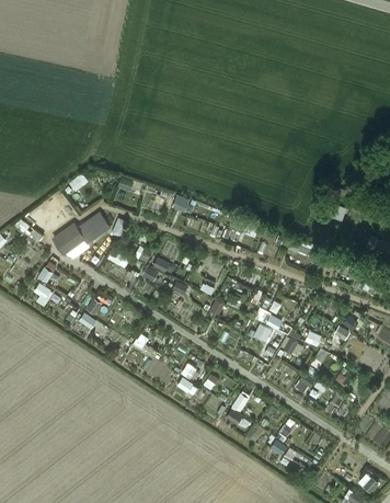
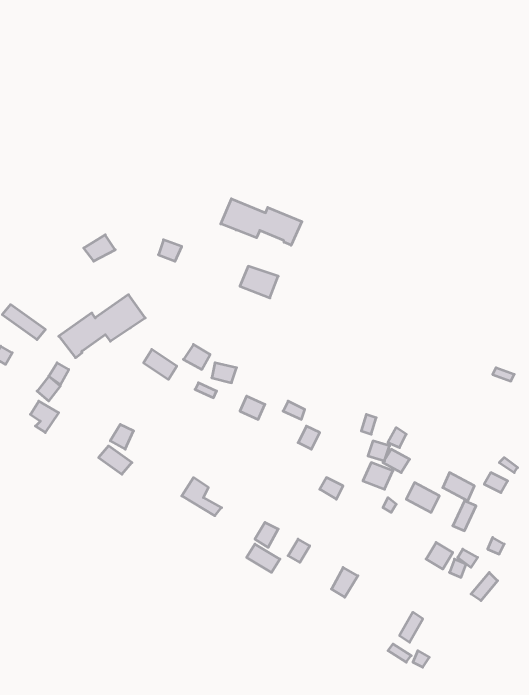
building: none -> [221,199,302,245]

